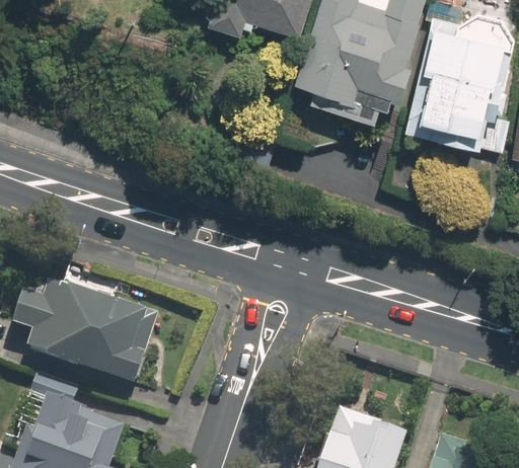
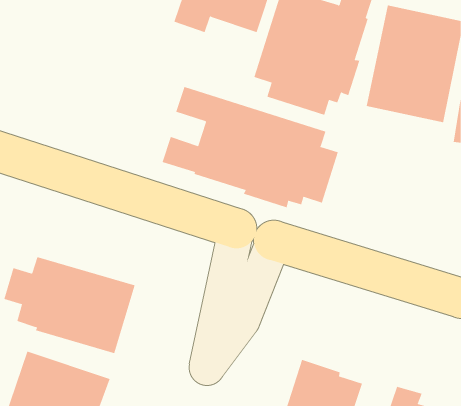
building: none -> [162,86,338,208]

